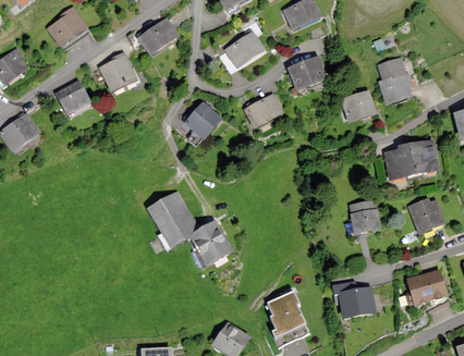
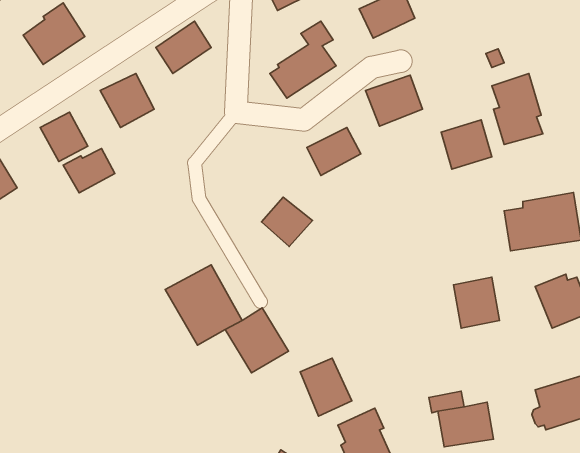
building: [187,103,223,138] -> [261,197,312,247]
building: none -> [63,149,115,193]
building: none -> [300,358,352,416]

